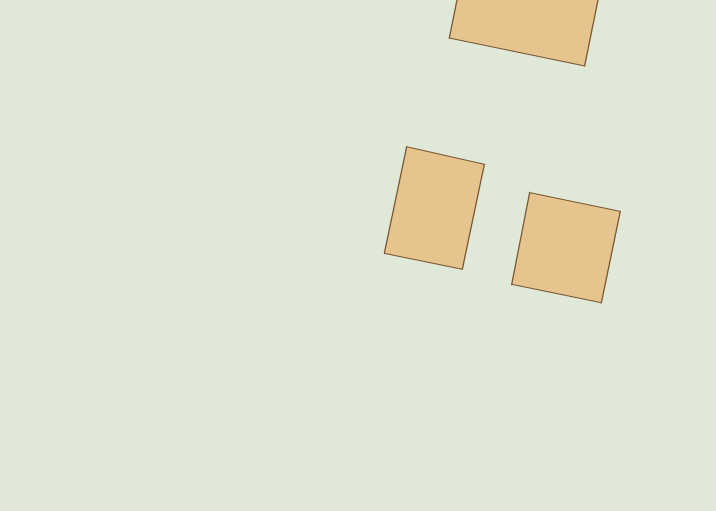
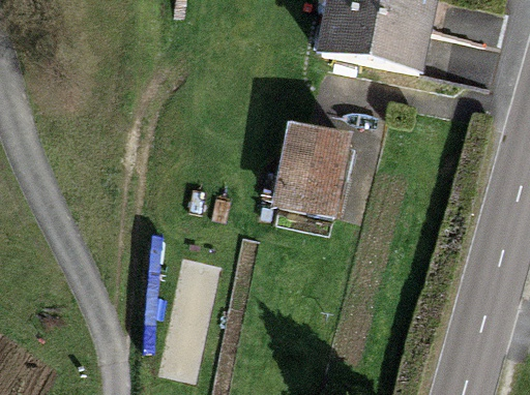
building: [512,192,620,303] -> none

